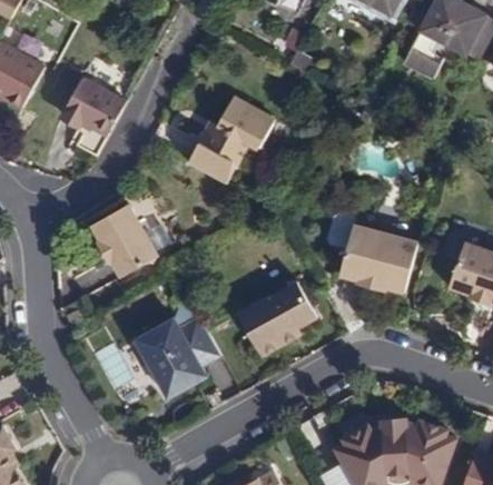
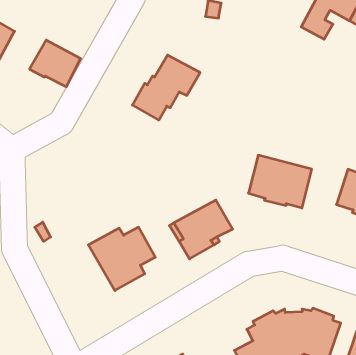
building: [92,204,157,275] -> none

